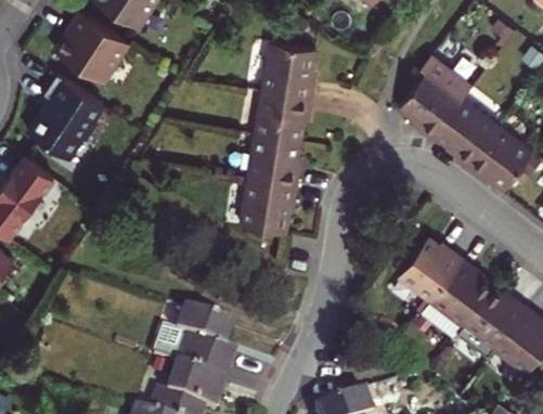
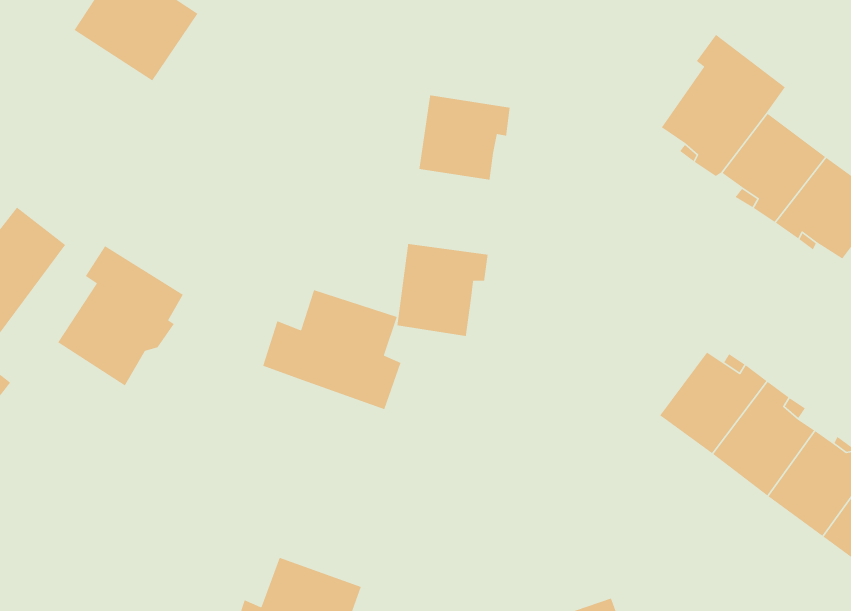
building: [263,41,314,98] -> none
building: [23,79,98,163] -> [57,245,184,386]
building: [250,134,300,184] -> none
building: [151,309,233,380] -> [262,289,402,410]

